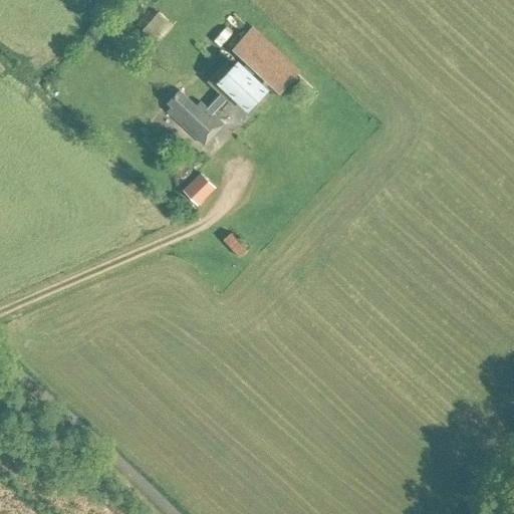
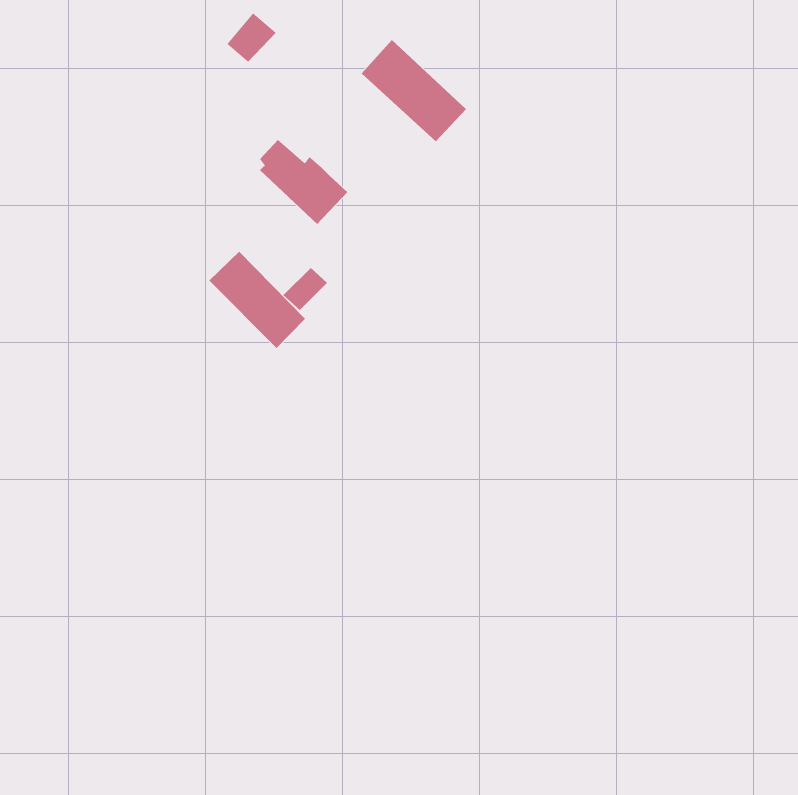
building: [207,59,269,114] -> none
building: none -> [208,251,306,349]

